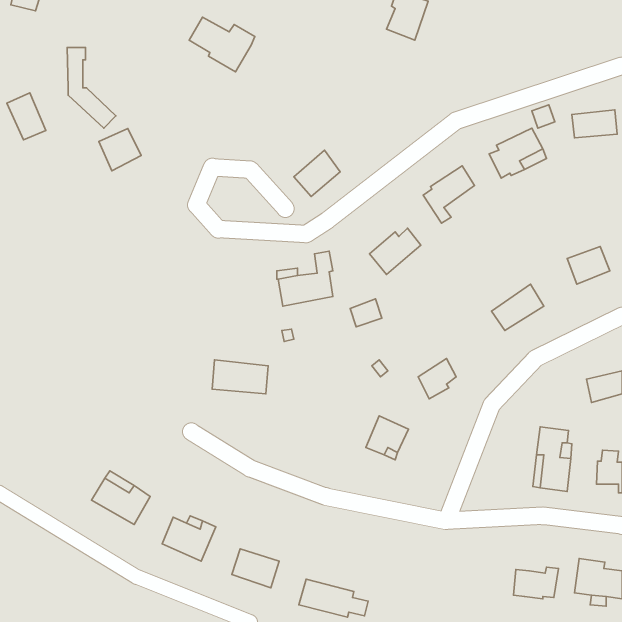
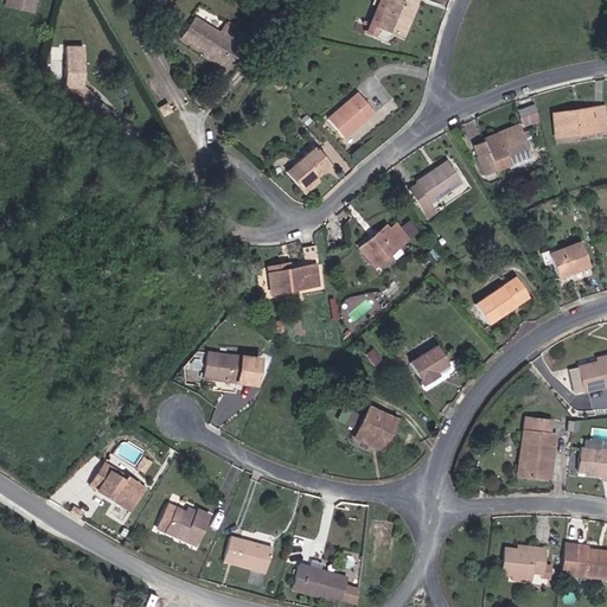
building: [7,93,46,140] -> none
building: none -> [327,95,376,143]
building: [99,128,141,171] -> none

